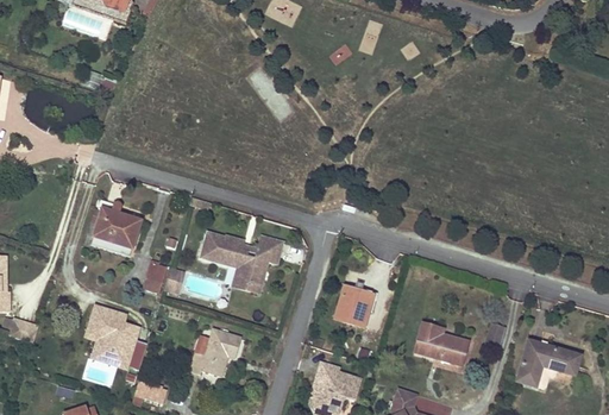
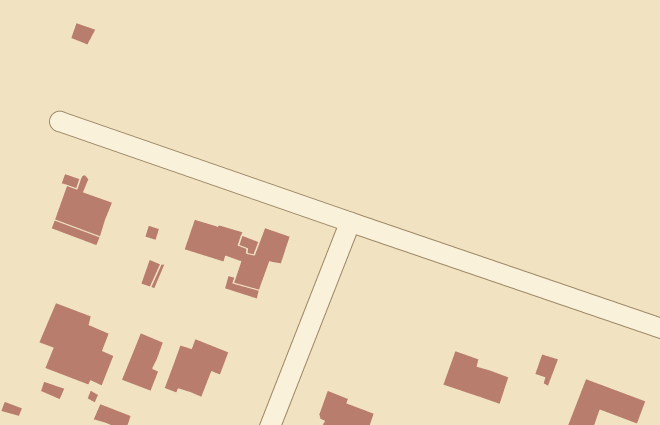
building: [144,258,168,291] -> none
building: [334,285,371,326] -> none
building: none -> [121,333,164,392]

